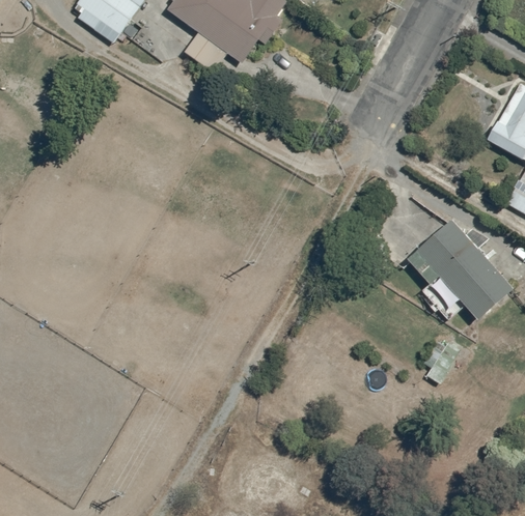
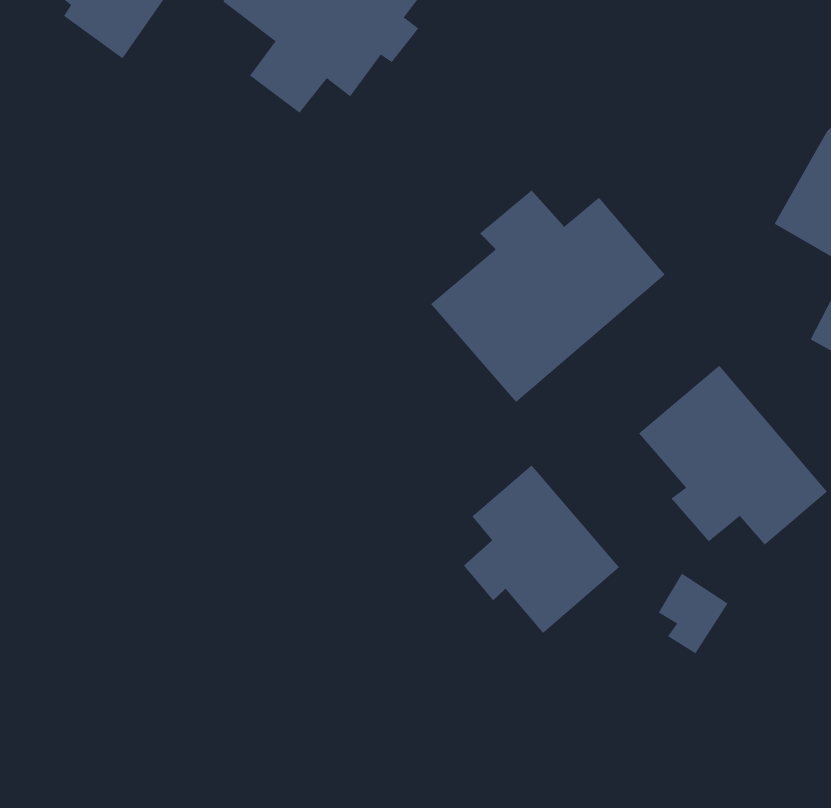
building: none -> [430,189,665,403]
building: none -> [463,465,620,634]

